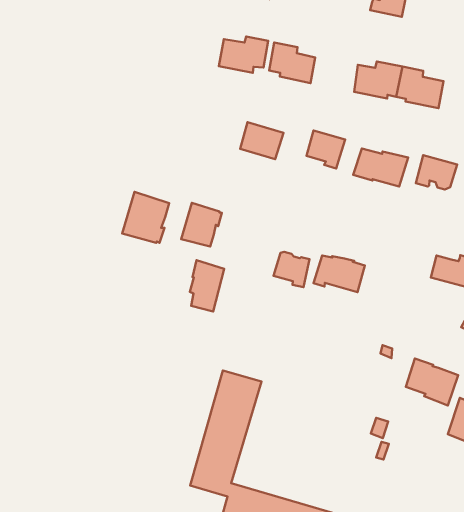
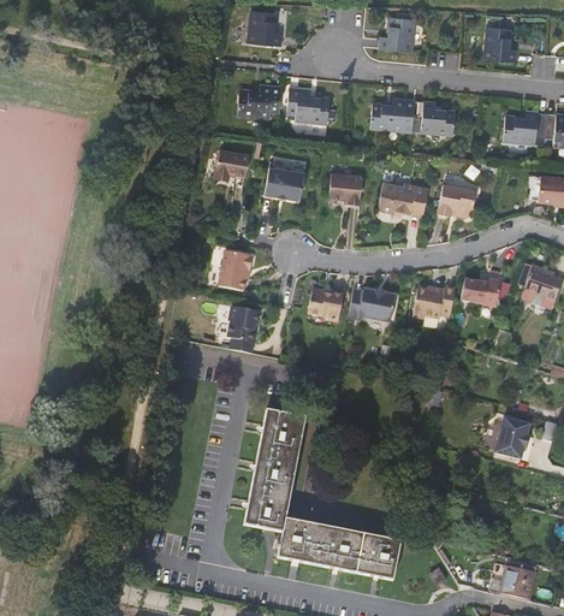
building: none -> [216,149,250,177]
building: [122,192,169,243] -> none
building: none -> [412,285,456,318]
building: [406,359,458,406] -> none

